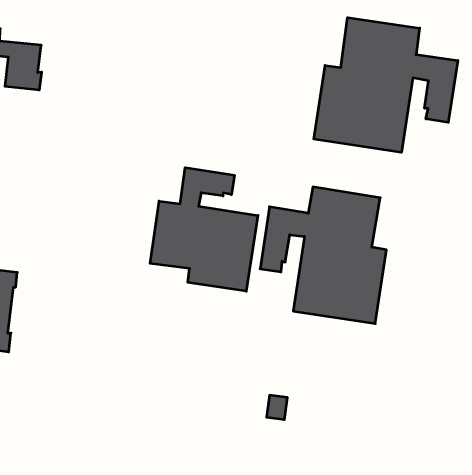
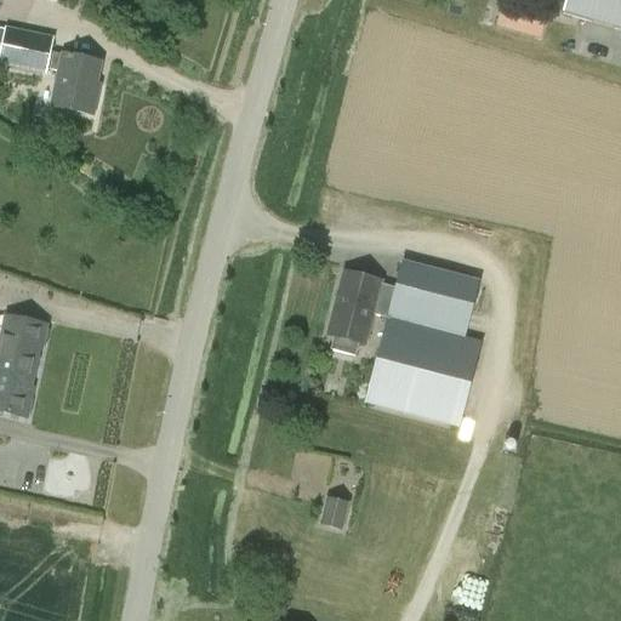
building: [314,18,458,152] -> none
building: [150,168,258,291] -> none

